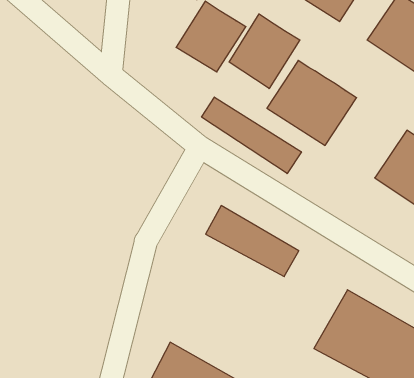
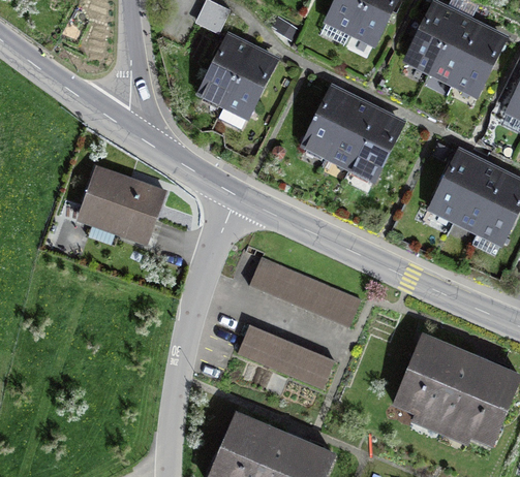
building: [229,14,300,89] -> none
building: [202,97,301,174] -> none
building: none -> [75,166,166,237]
building: none -> [236,325,335,388]

